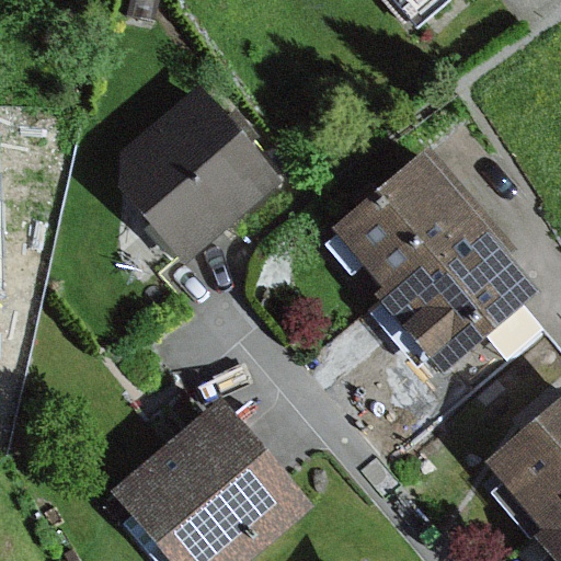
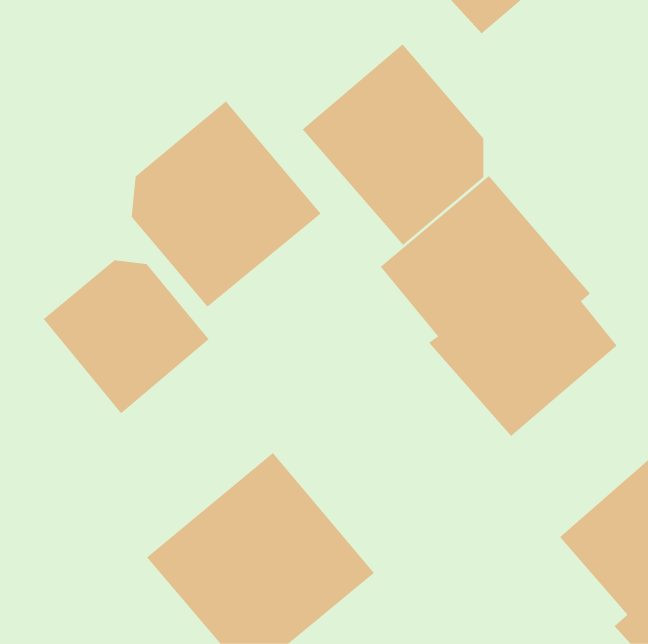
building: none -> [302,44,484,246]
building: none -> [43,259,209,414]

